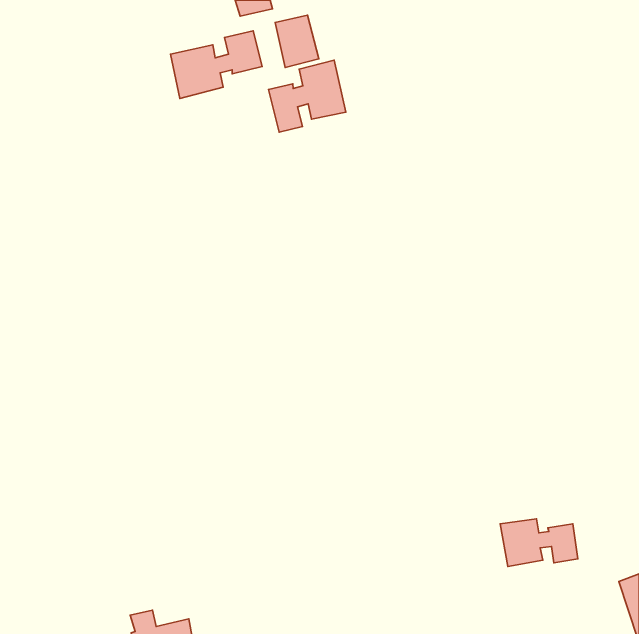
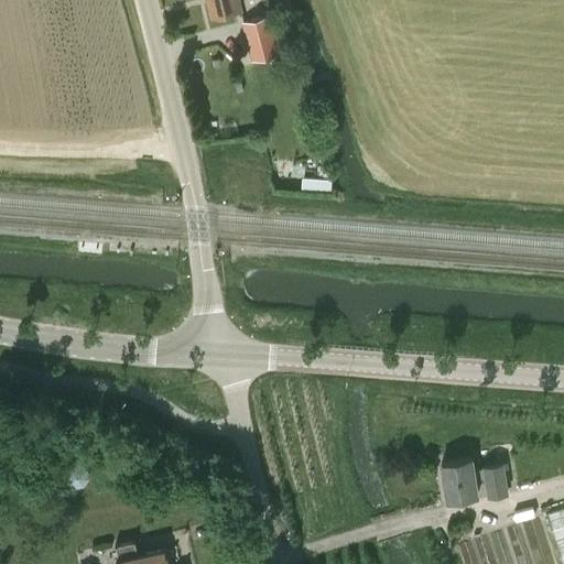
building: [170,31,262,98] -> none
building: [268,60,346,132] -> none

